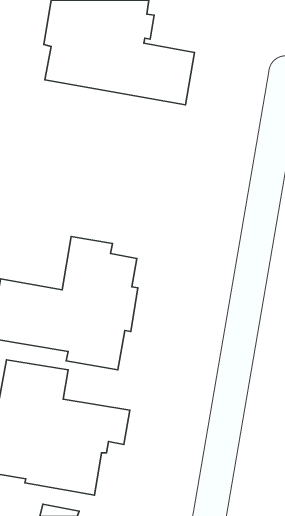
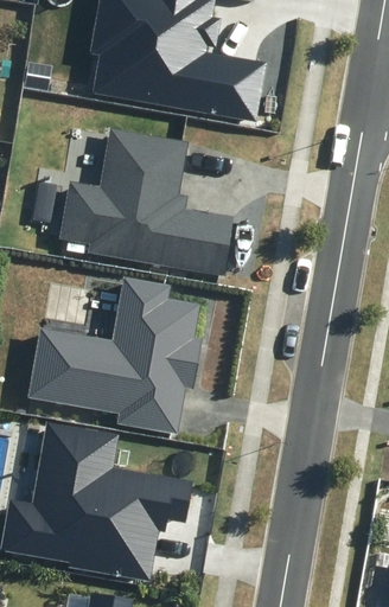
building: none -> [59,129,234,275]

